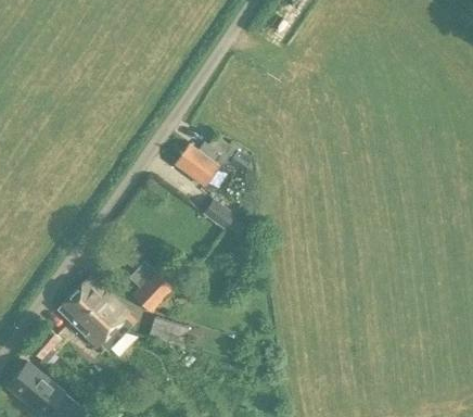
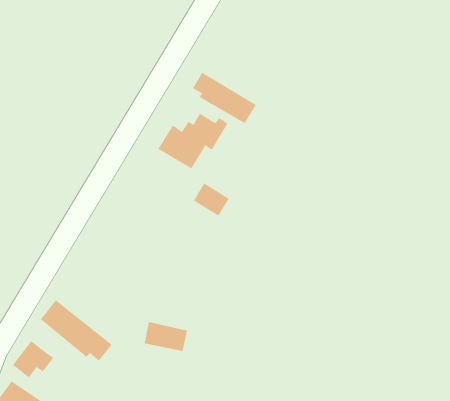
building: none -> [192,72,257,124]
building: [131,270,174,308] -> none
building: [73,278,132,339] -> none

